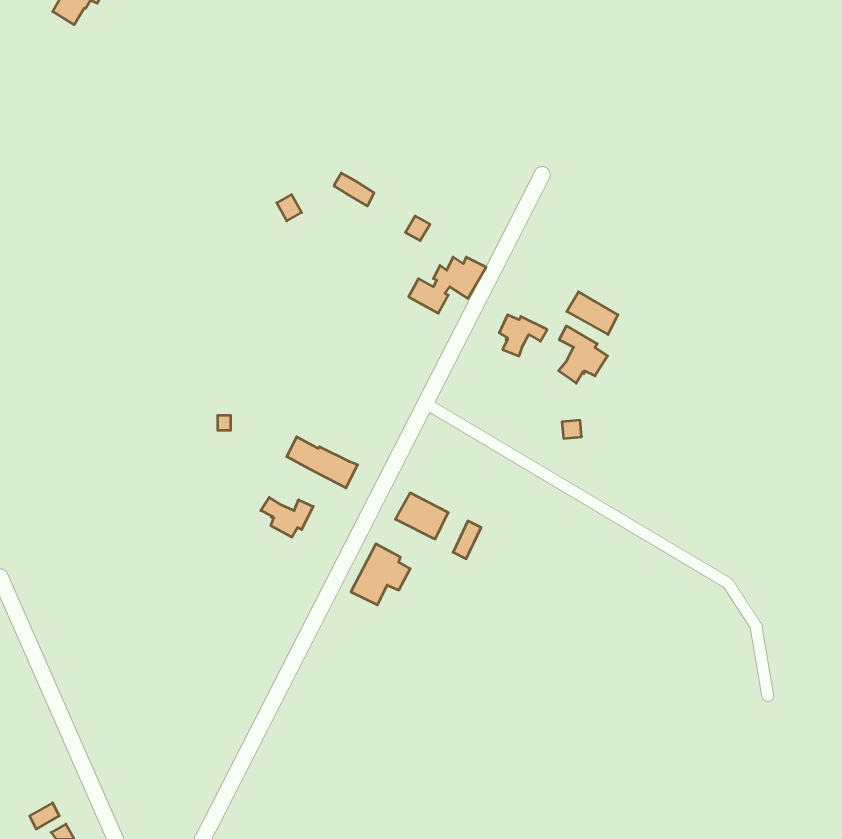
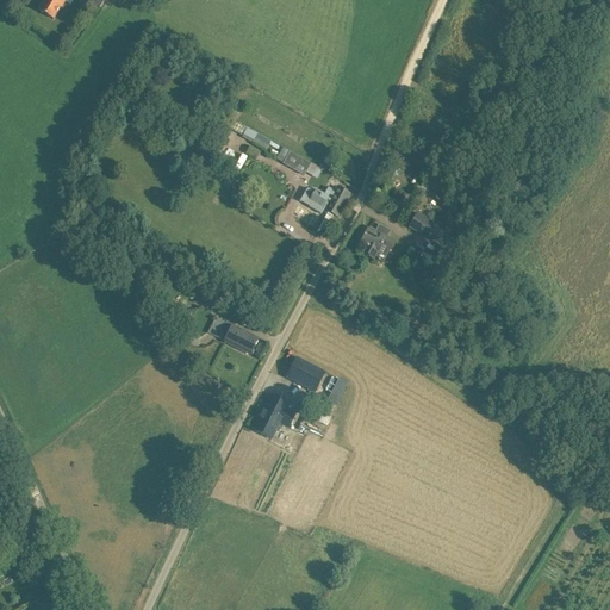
building: [559,326,608,383] -> none
building: [261,497,313,537] -> none

